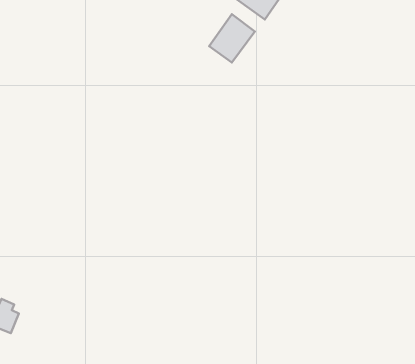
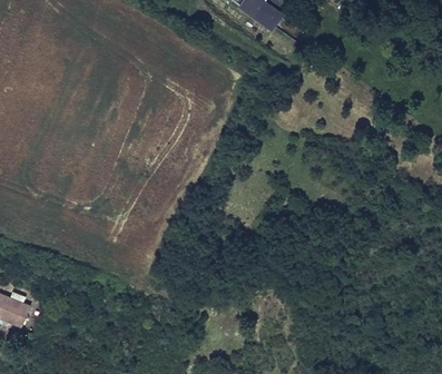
building: [209,14,255,63] -> none

